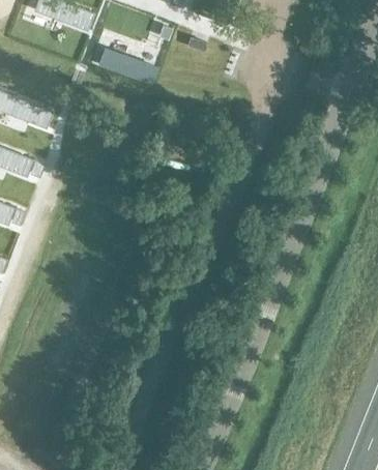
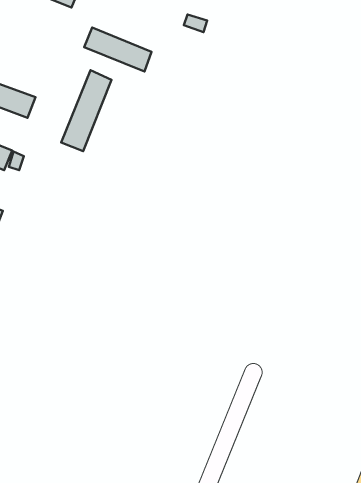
building: none -> [61,70,111,151]

